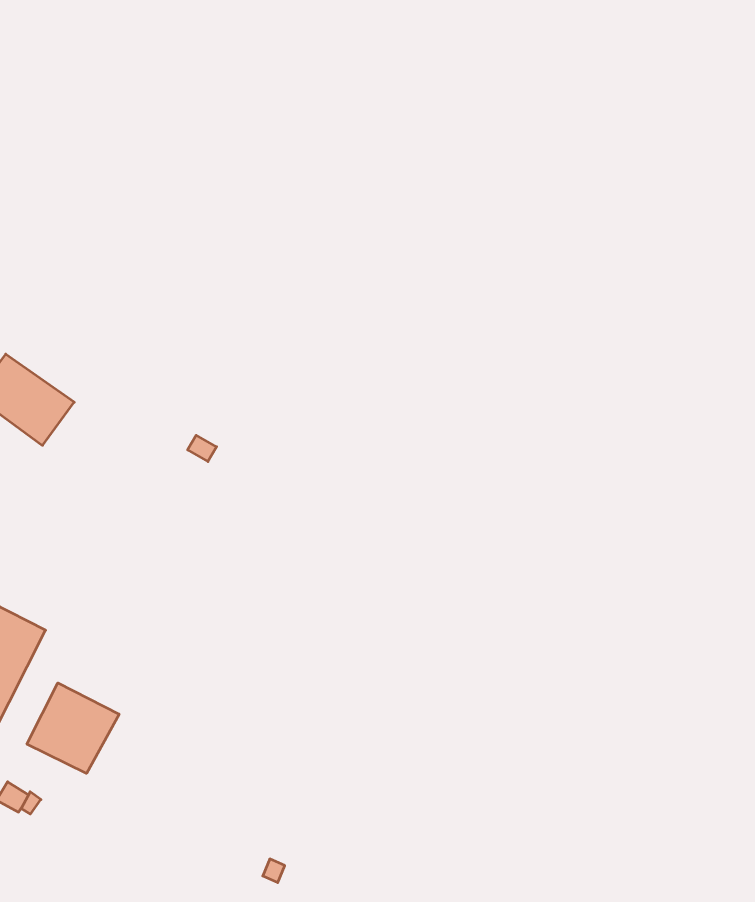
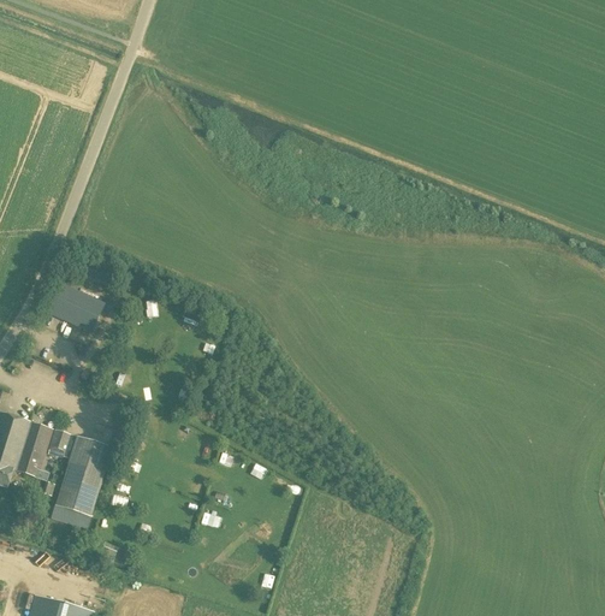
building: [27,683,119,773] -> none

